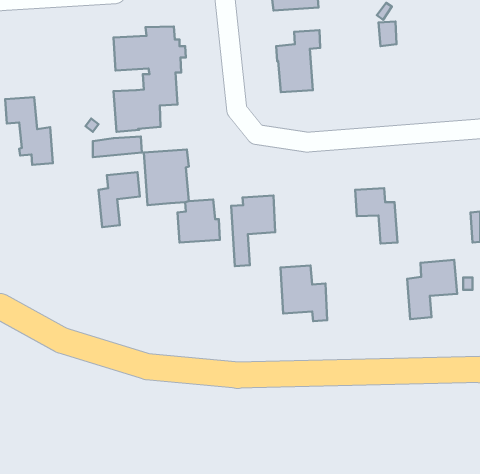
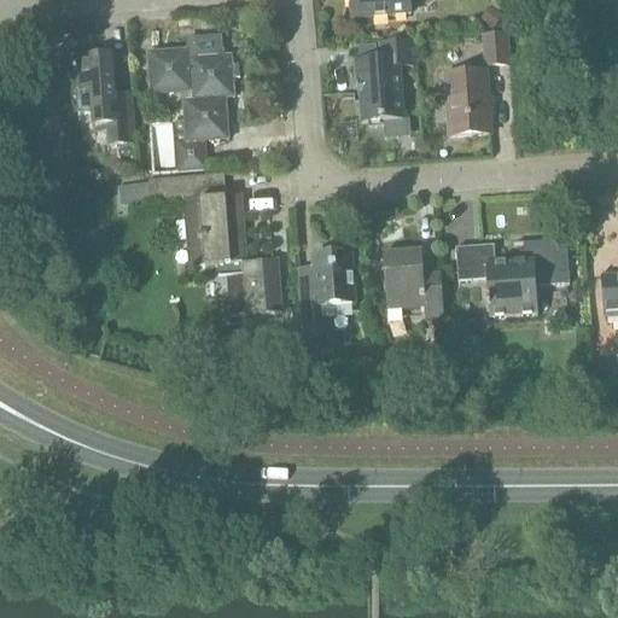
building: none -> [443,69,490,133]
building: [5,97,53,165] -> [74,52,135,139]
building: [98,172,140,227] -> none
building: [407,260,457,319] -> [507,235,571,311]
building: [280,266,327,321] -> [383,246,443,317]

